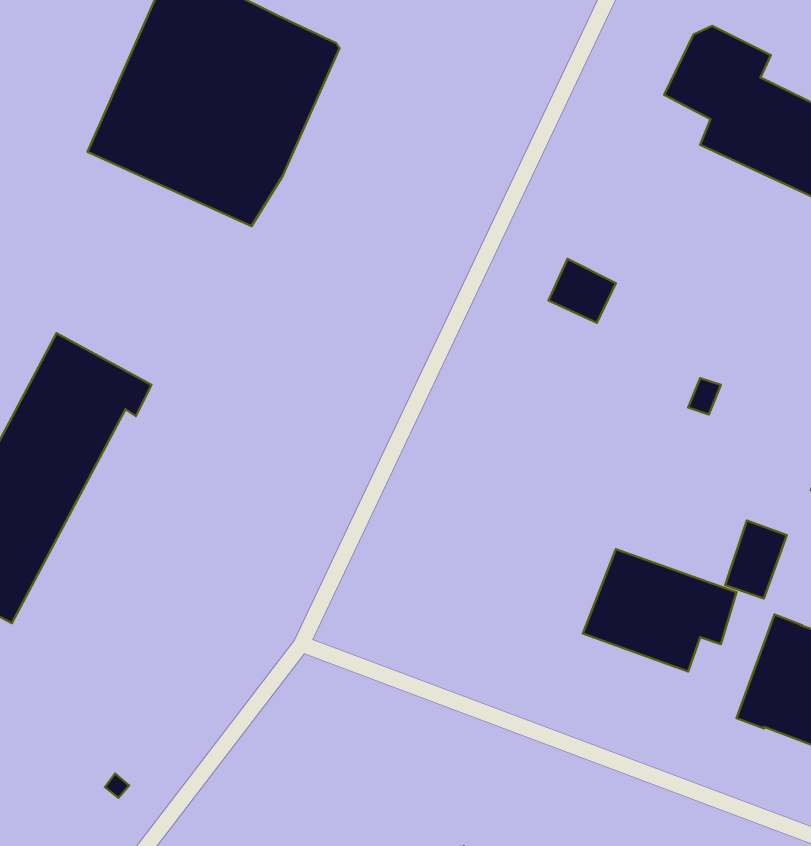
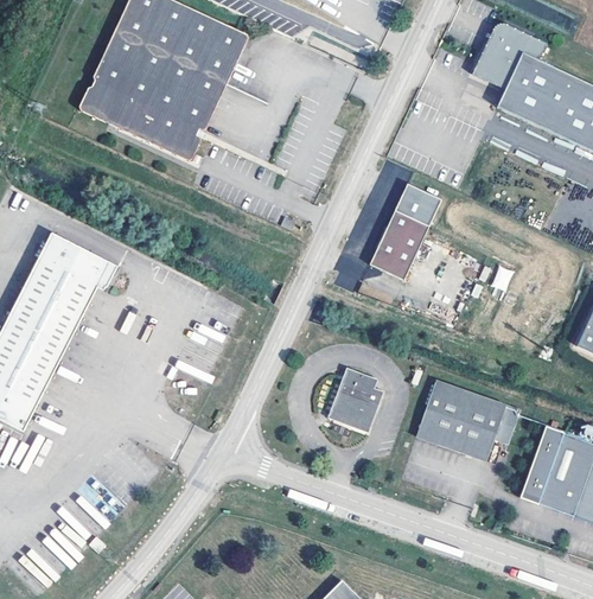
building: none -> [368,210,426,279]
building: [725,520,787,598] -> none
building: none -> [329,370,378,431]

